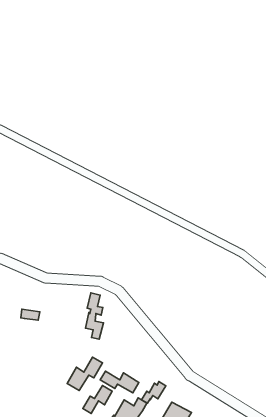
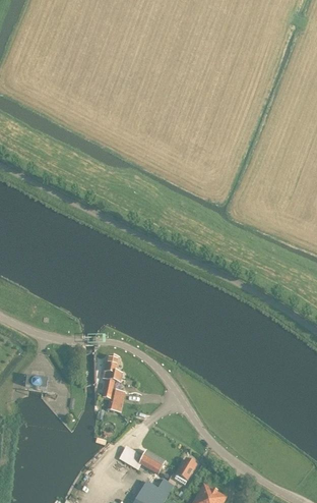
building: [67,357,103,391] -> none
building: [83,385,112,413] -> none

